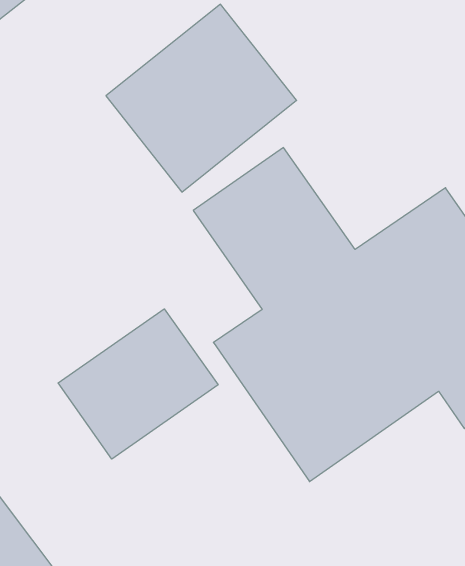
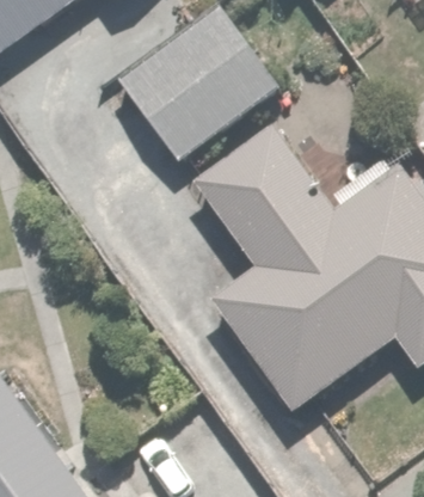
building: [58,309,218,459] -> none

